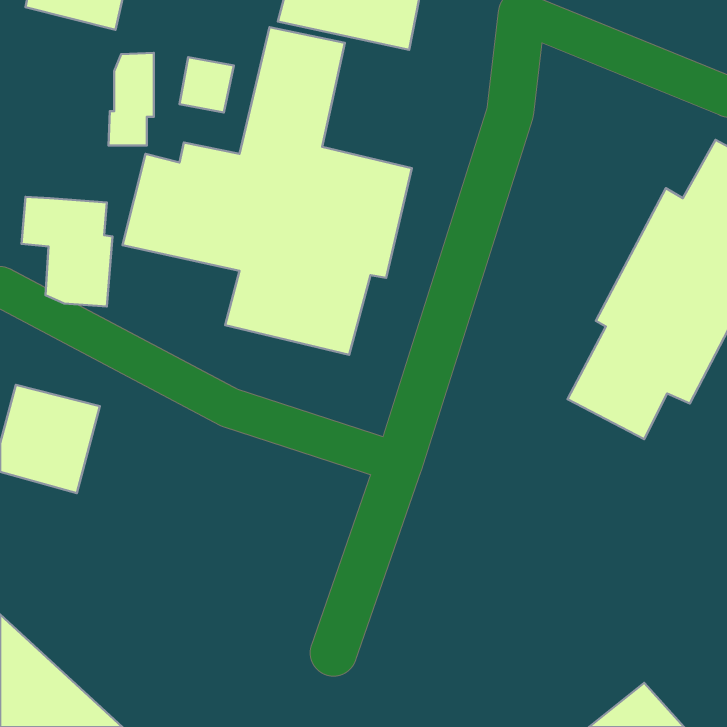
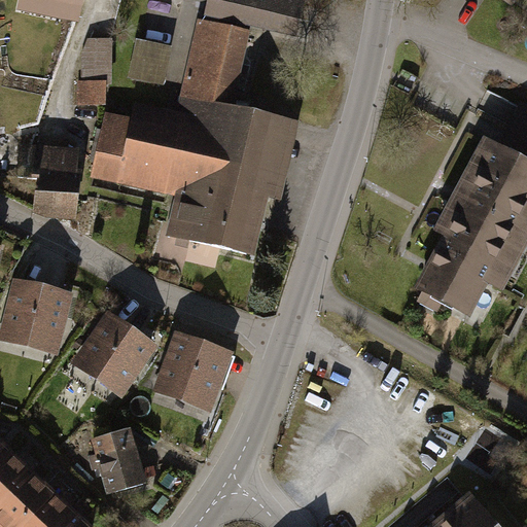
building: none -> [69,310,157,398]
building: none -> [150,330,232,413]
building: none -> [89,428,147,495]

